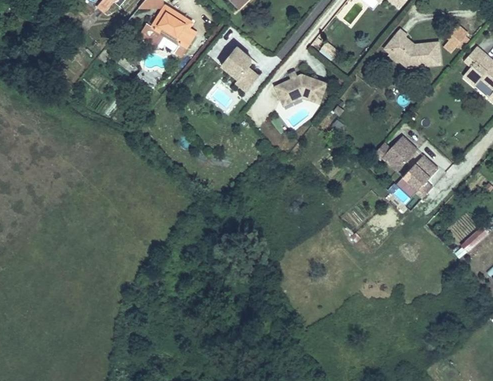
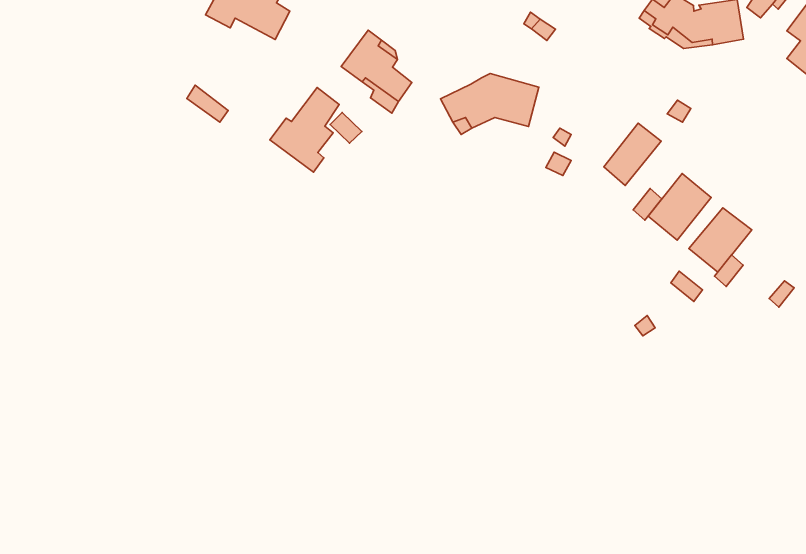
building: none -> [270,87,339,172]
building: none -> [604,123,661,185]

